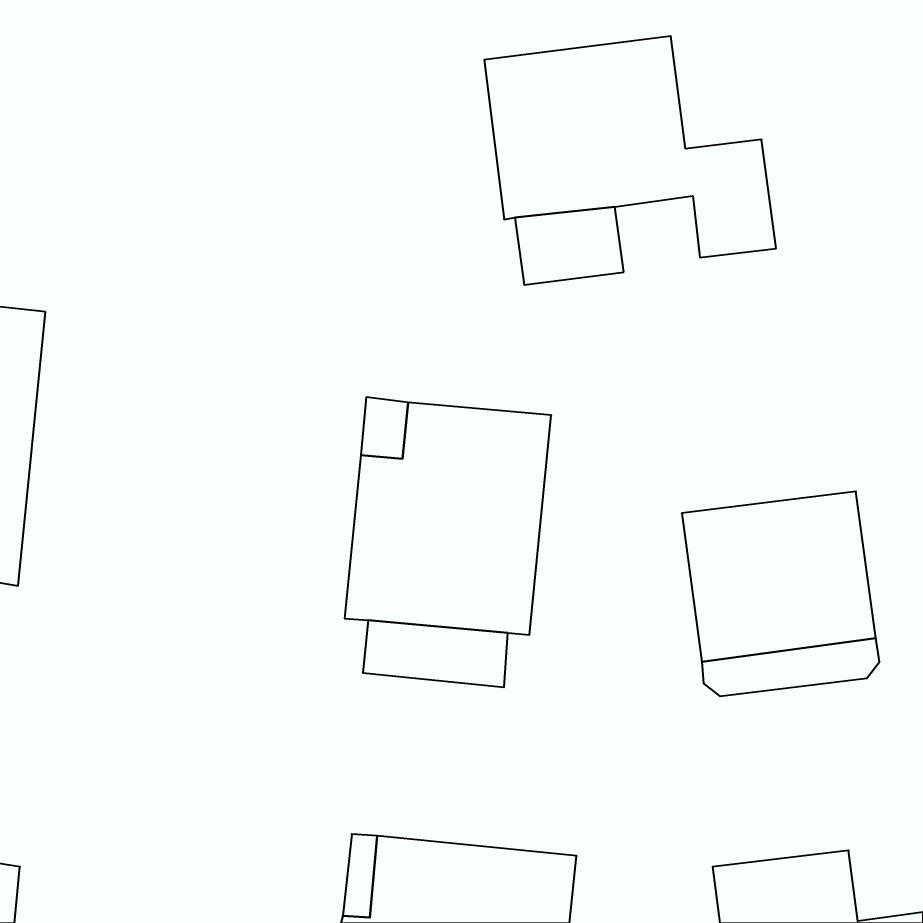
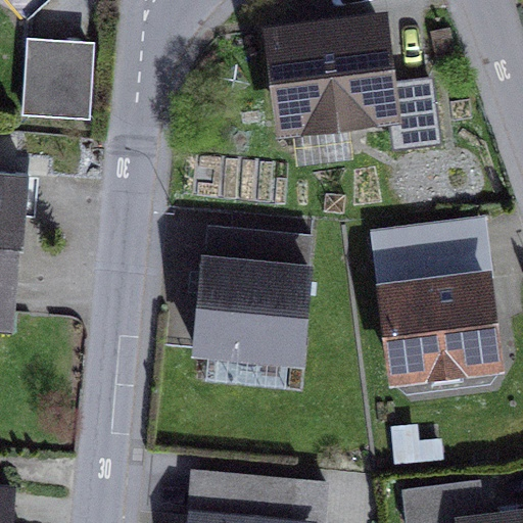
building: none -> [25,46,90,115]
building: none -> [377,222,482,289]

